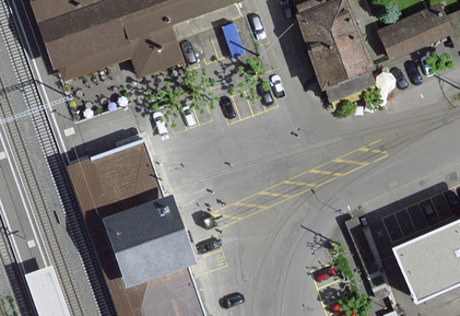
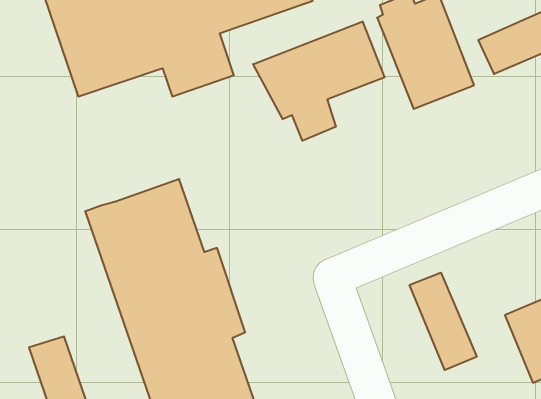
building: none -> [253,21,385,141]
building: none -> [410,273,477,370]

